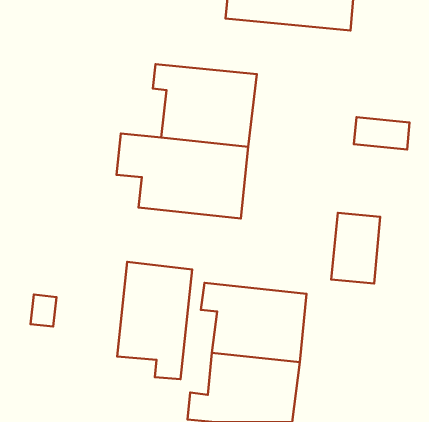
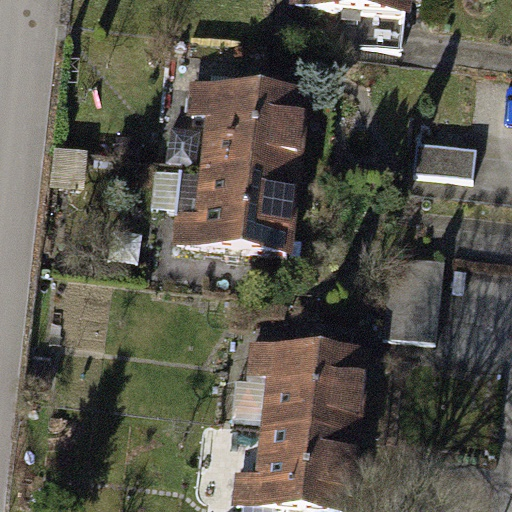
building: [117,262,192,379] -> none

